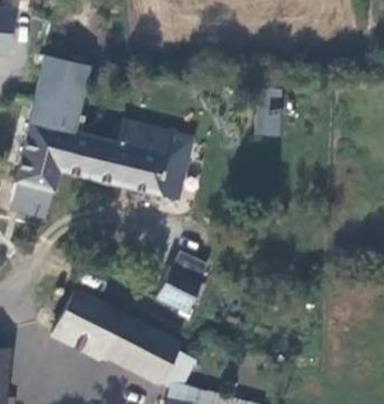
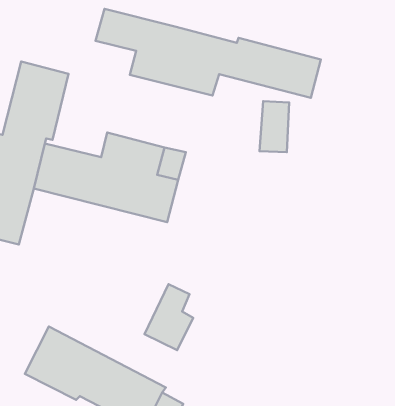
building: none -> [96,9,321,98]

